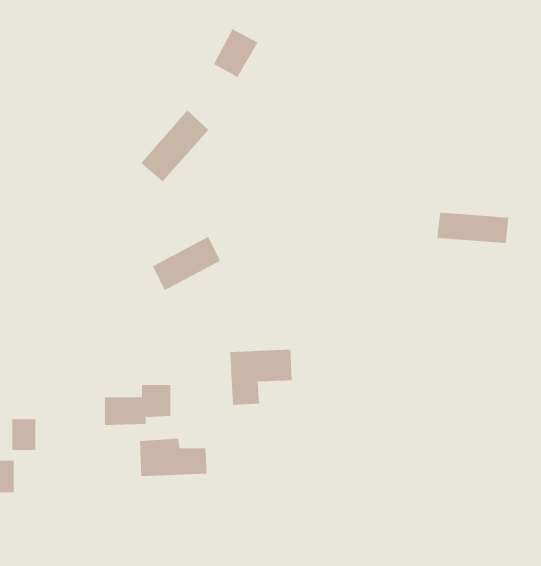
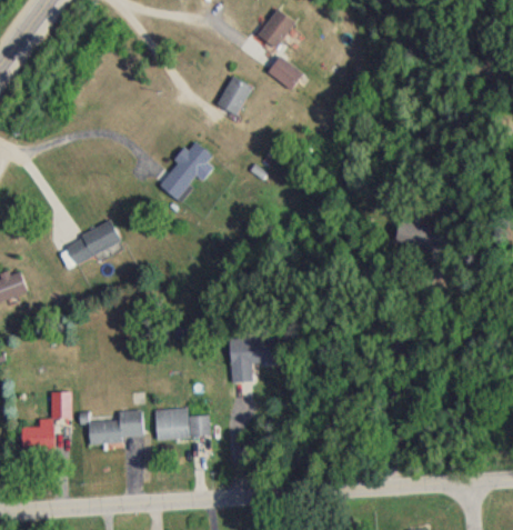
building: none -> [265,58,301,89]
building: [152,236,221,291] -> [64,221,120,266]
building: [104,385,171,426] -> [89,411,143,444]

